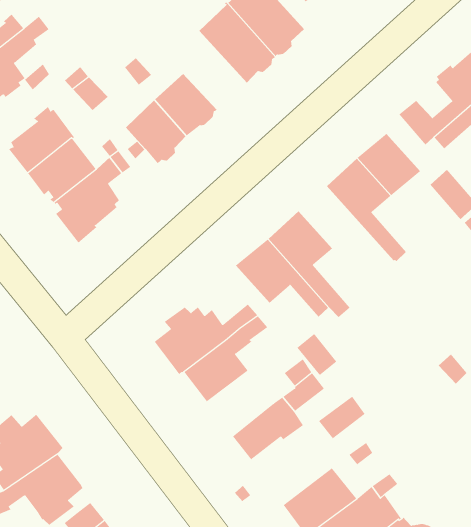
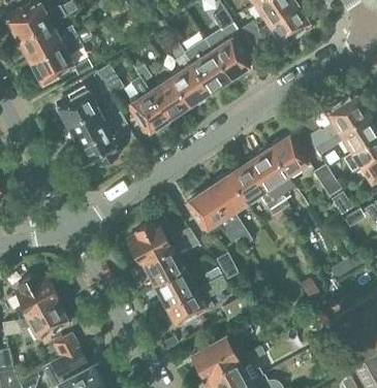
building: none -> [169,42,210,104]
building: none -> [229,162,283,219]
building: none -> [154,268,195,308]

